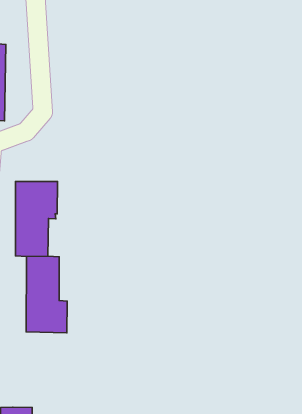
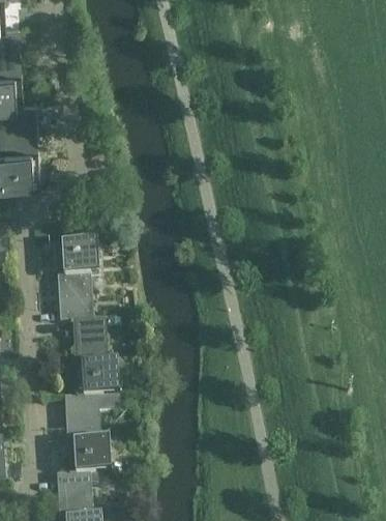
building: none -> [62,393,118,472]

